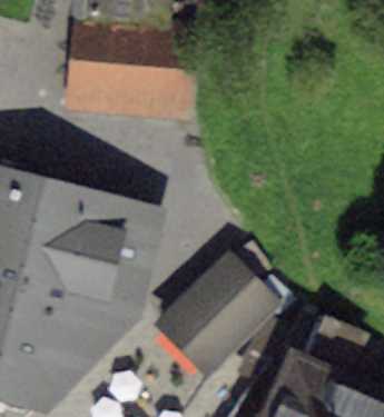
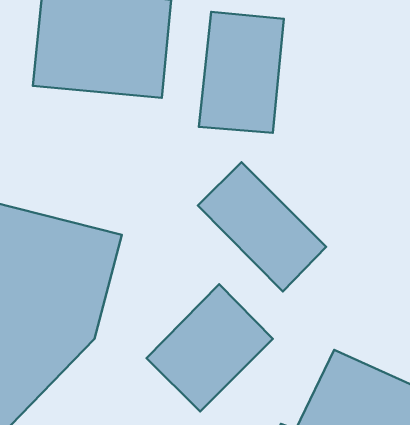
building: none -> [199,12,284,133]
building: none -> [198,162,326,291]

